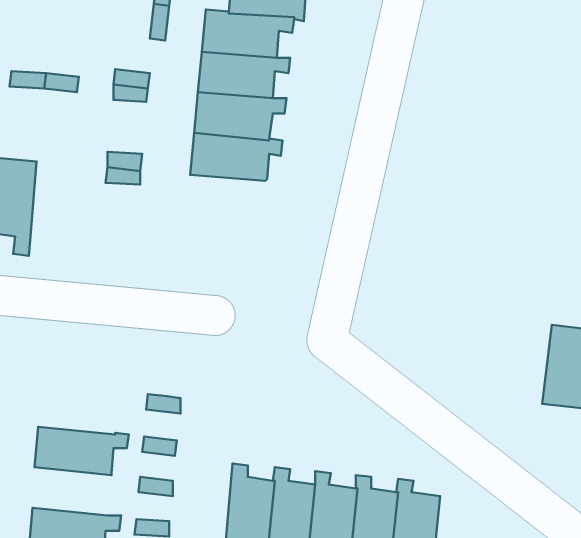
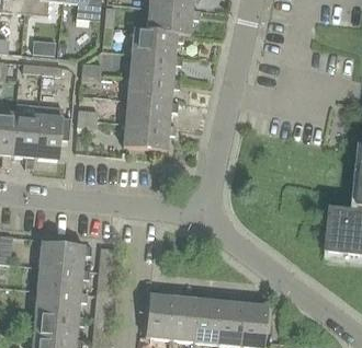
building: none -> [33,104,70,159]
building: none -> [122,121,174,149]
building: none -> [37,241,90,269]
building: none -> [34,288,87,315]

